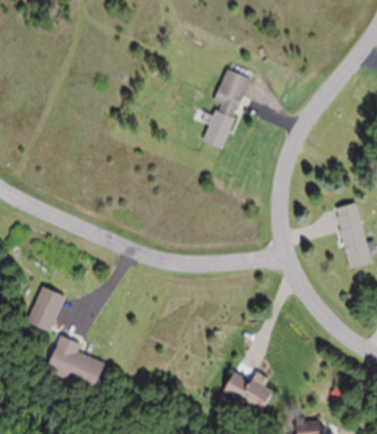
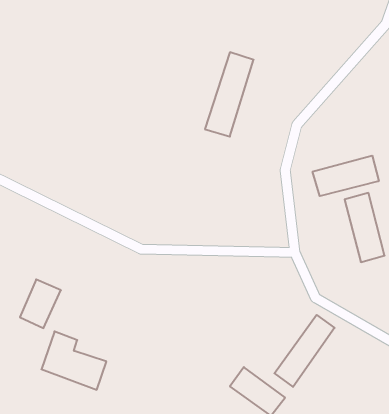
building: none -> [313,156,379,196]
building: none -> [274,315,335,387]

